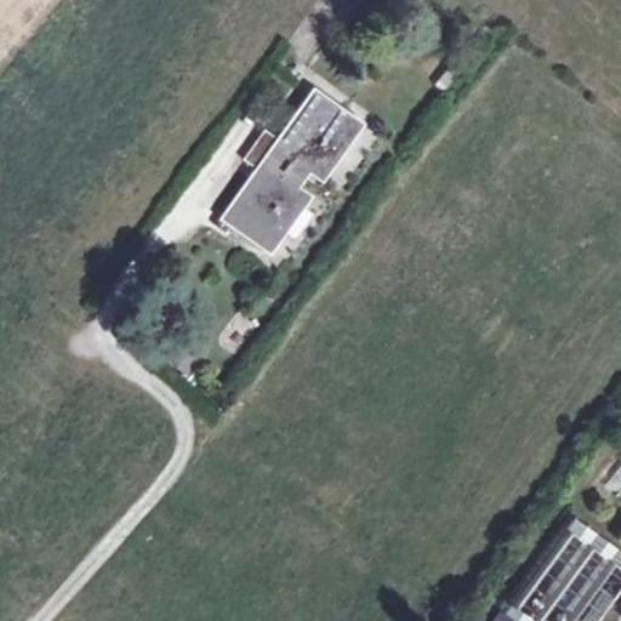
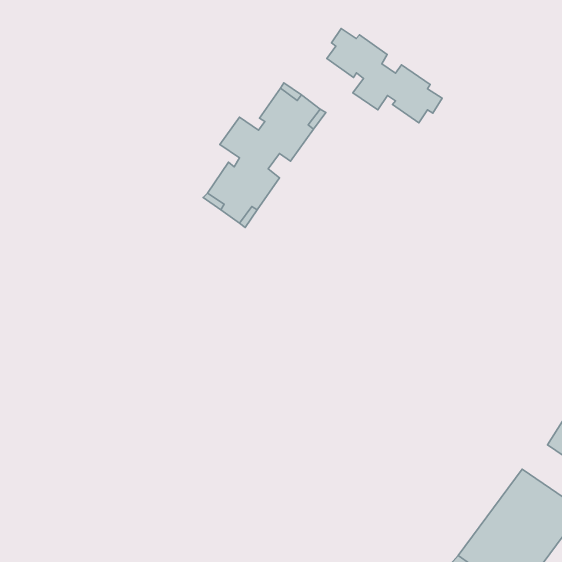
building: none -> [327,28,442,123]

